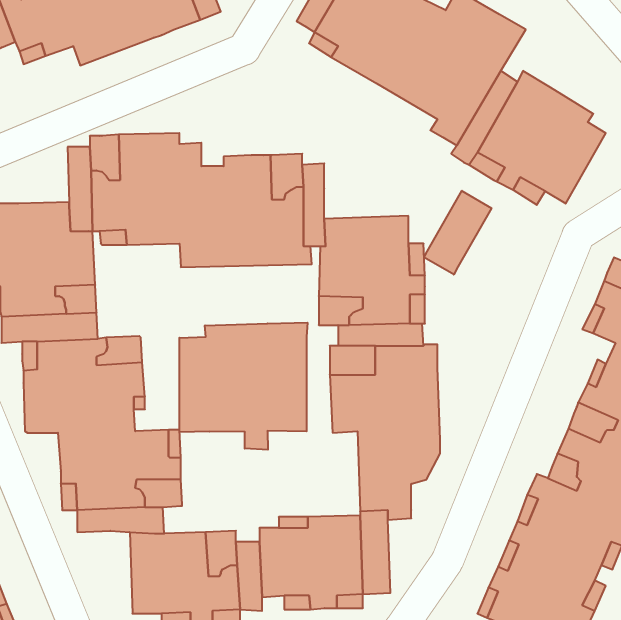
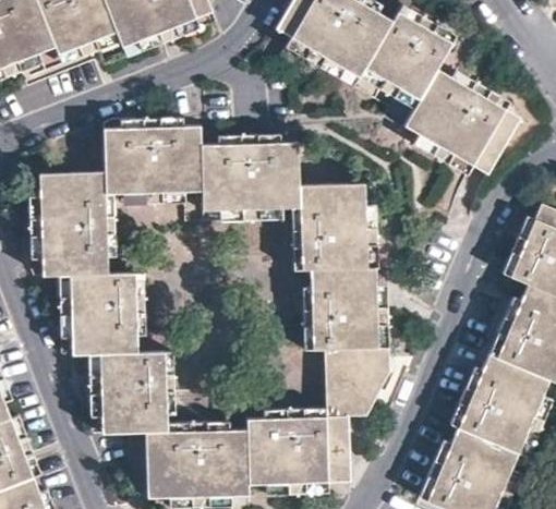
building: [424,191,491,275] -> none
building: [179,323,307,450] -> none

